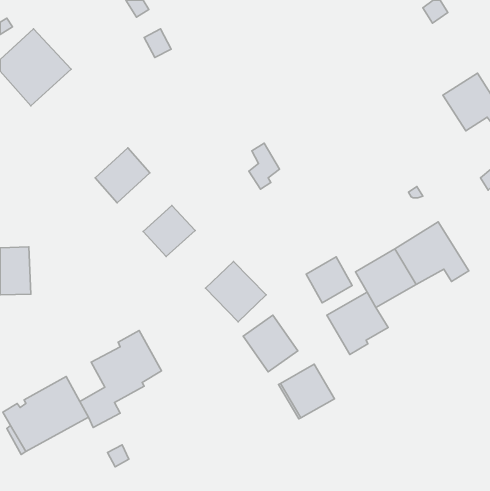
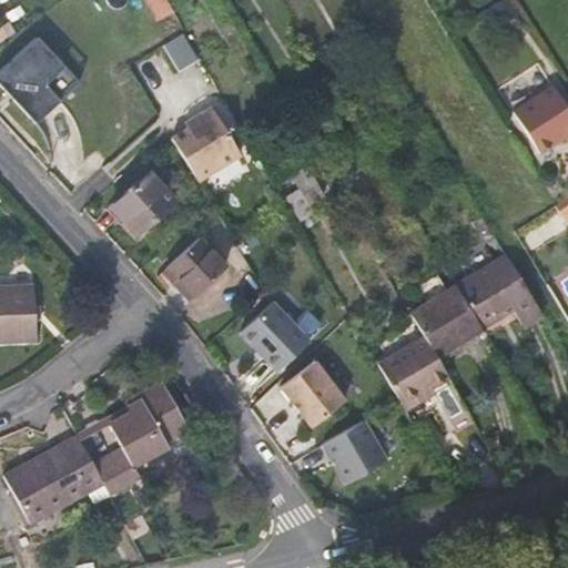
building: none -> [172,102,241,181]
building: [306,257,352,303] -> none

